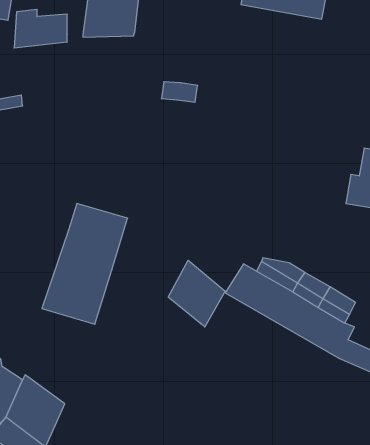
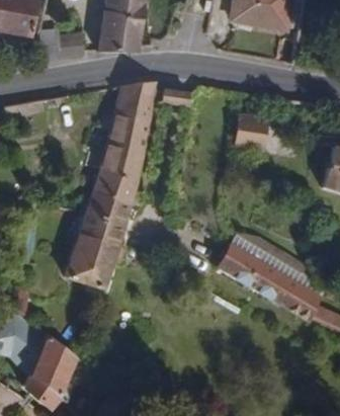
building: none -> [92,81,159,202]
building: none -> [236,113,269,144]
building: [168,260,225,327] -> none

